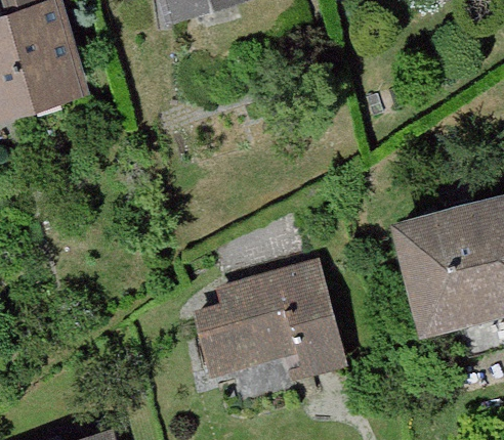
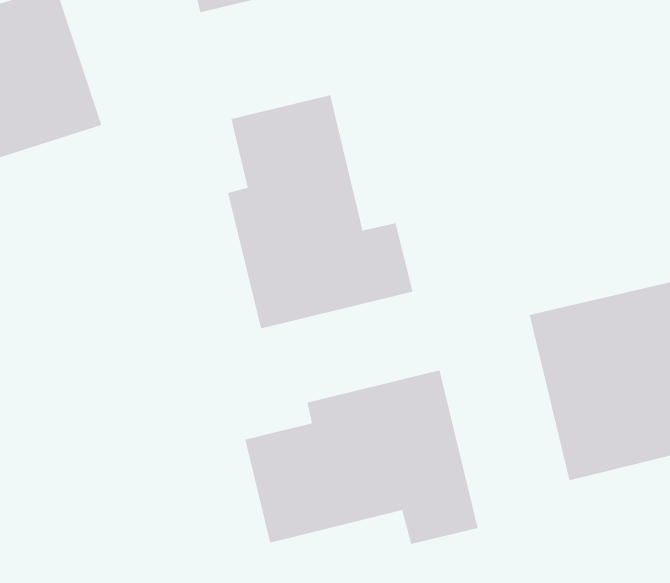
building: none -> [228,94,413,329]

